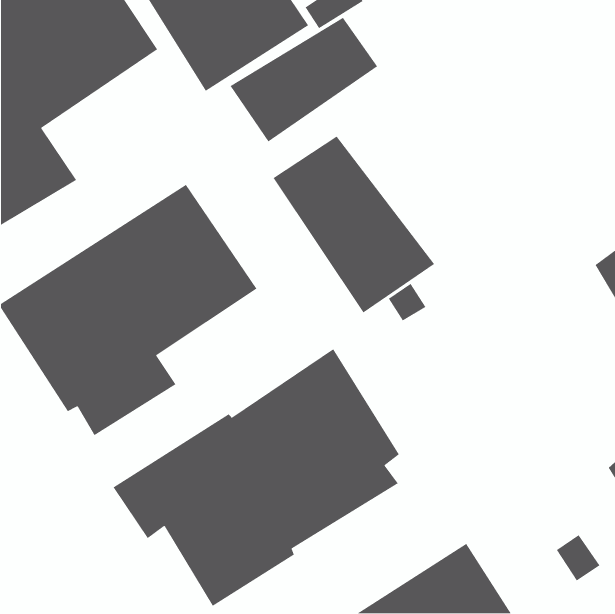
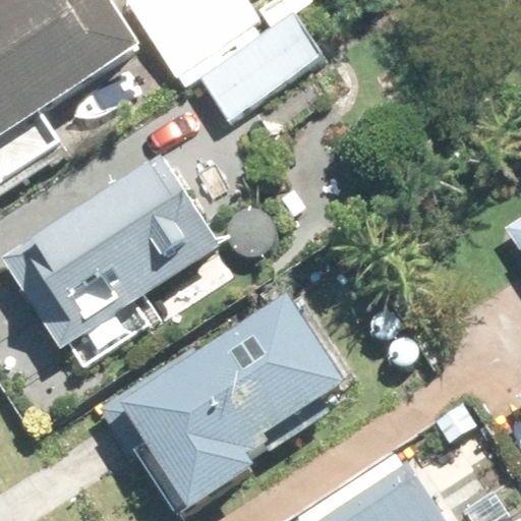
building: [272,135,435,313] -> none

